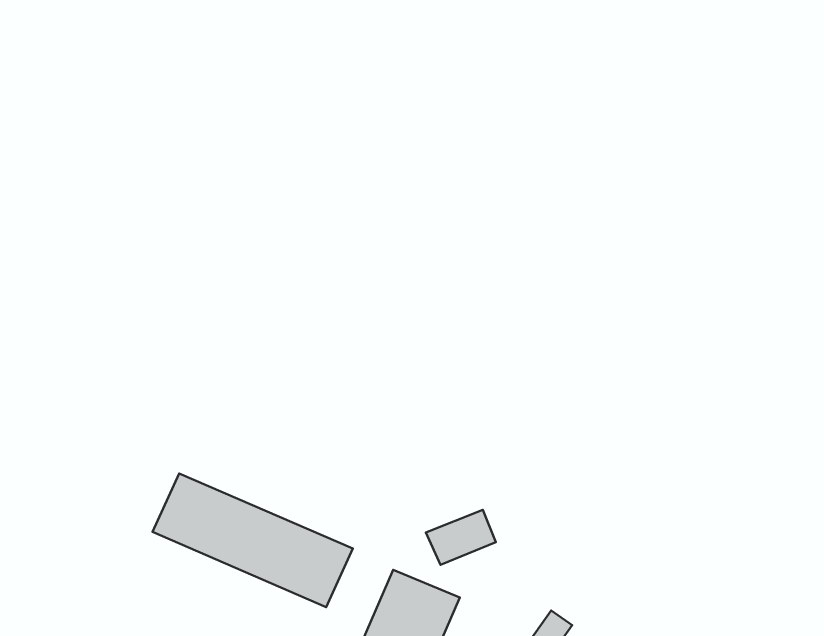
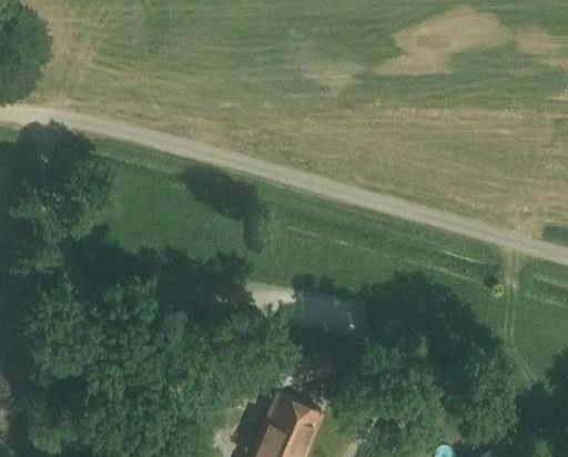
building: [152,473,353,607] -> none

